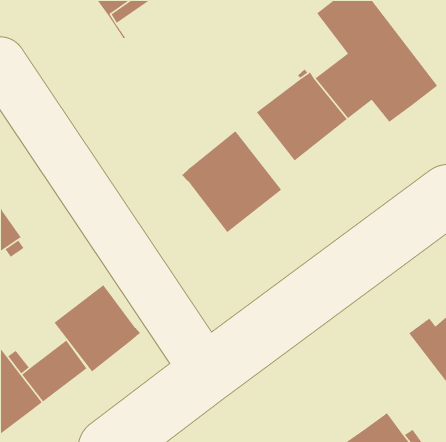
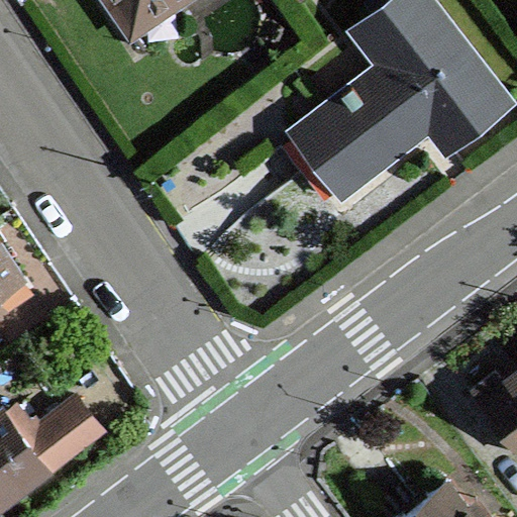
building: [181,130,282,233] -> none
building: [54,284,141,373] -> none

